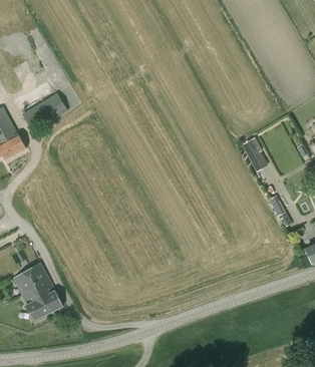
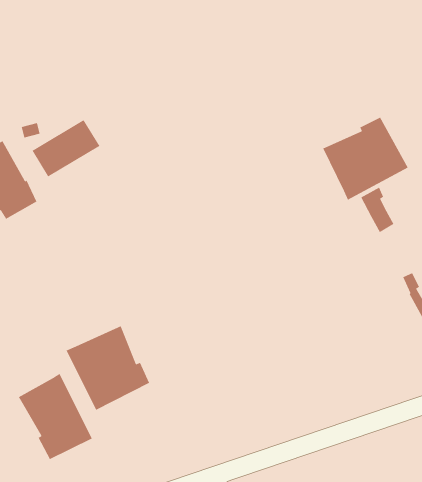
building: none -> [322,116,409,201]
building: none -> [65,325,150,411]

